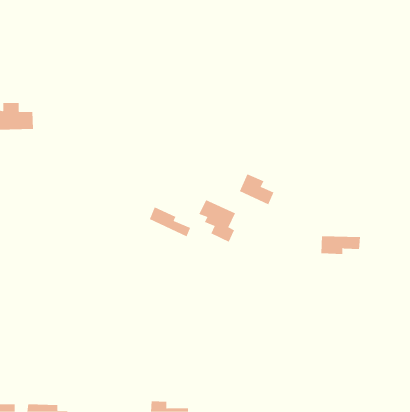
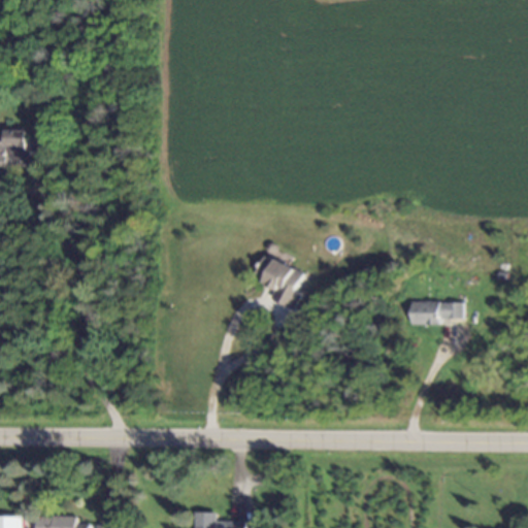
building: [239,173,274,205] -> none
building: [149,206,191,237] -> none

